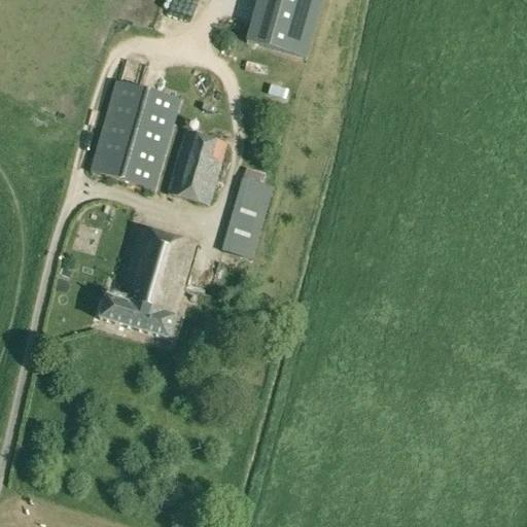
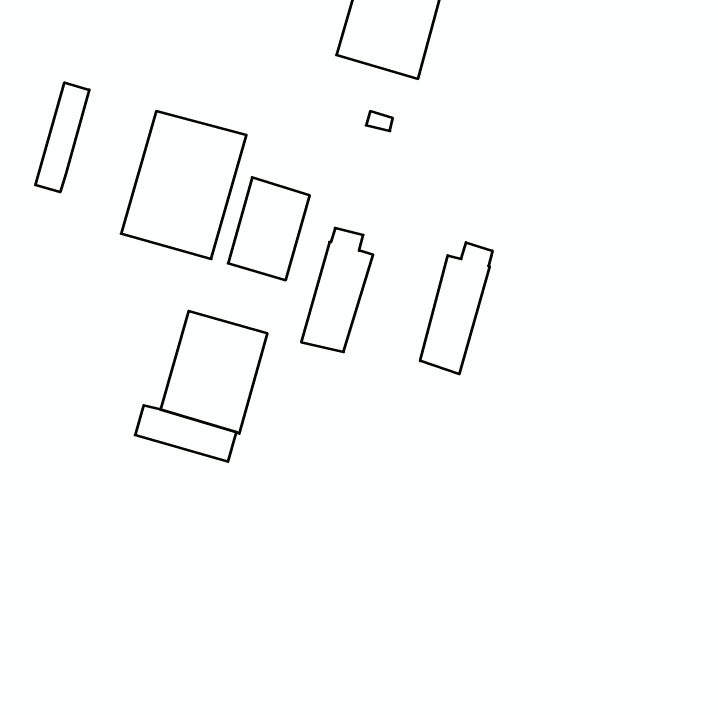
building: none -> [35,83,89,192]
building: none -> [420,242,492,374]

